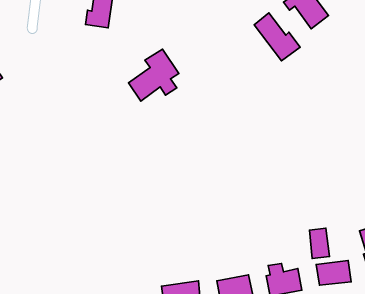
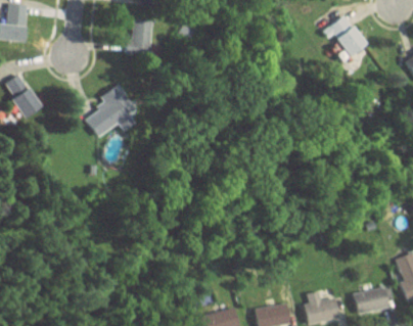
building: [254,13,300,61] -> none
building: [129,49,179,101] -> [84,85,134,137]
building: [309,228,329,259] -> none

